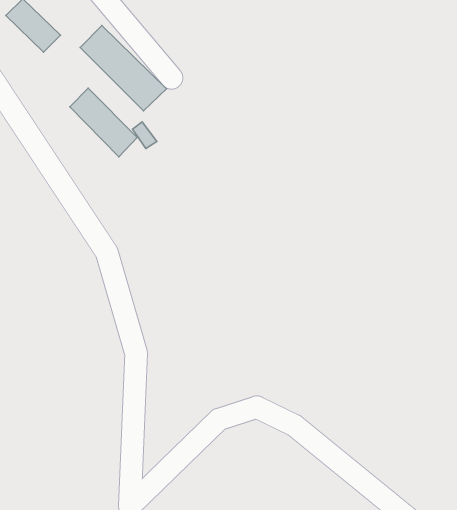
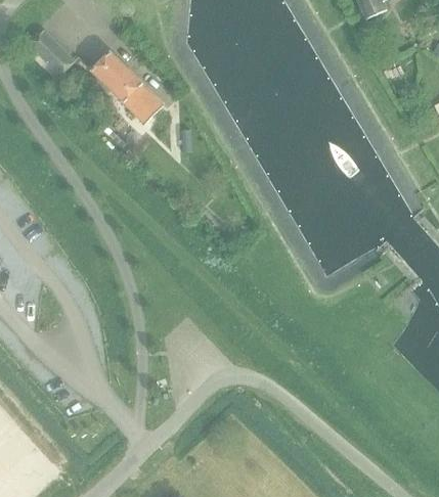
building: [70,88,137,157] -> none

